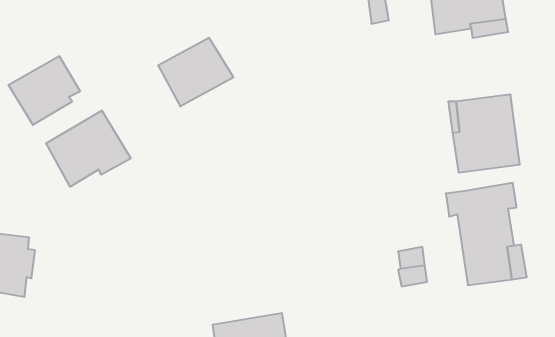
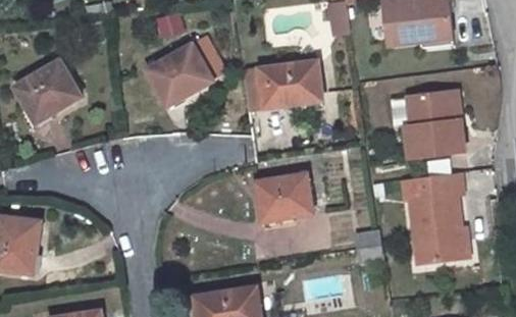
building: none -> [241,61,321,108]
building: [46,110,131,187] -> none
building: none -> [256,173,312,219]

